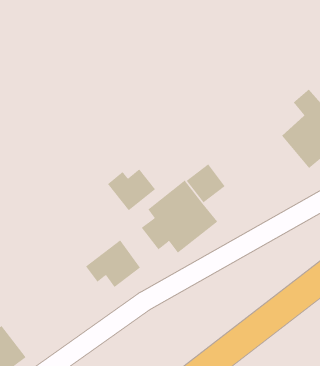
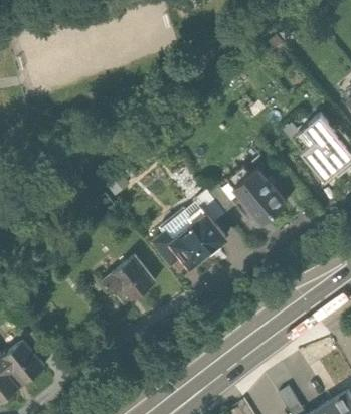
building: none -> [240,169,294,223]
building: [107,169,156,211] -> none

